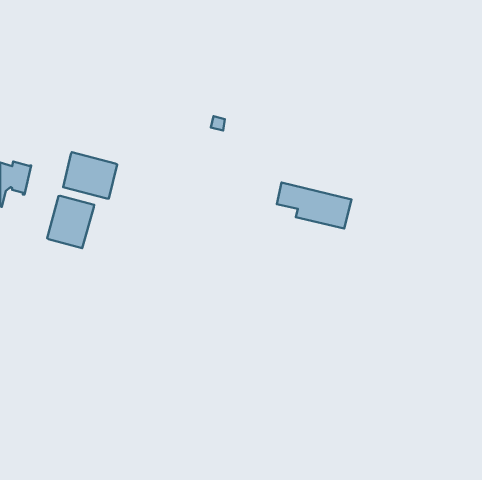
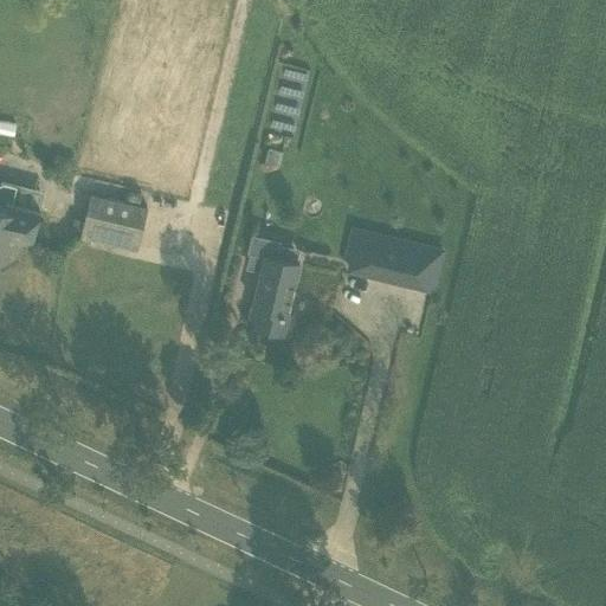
building: none -> [247,236,301,337]
building: [47,196,94,248] -> none

